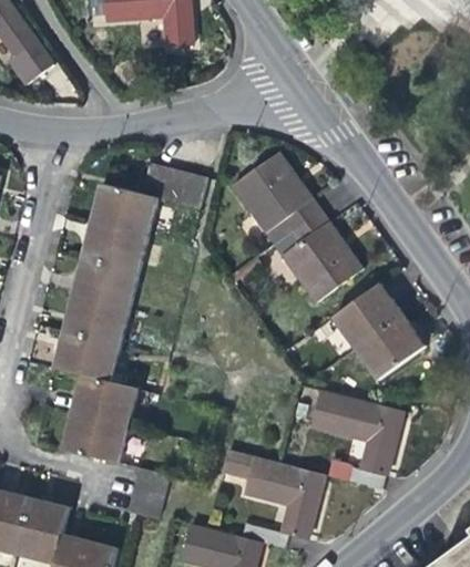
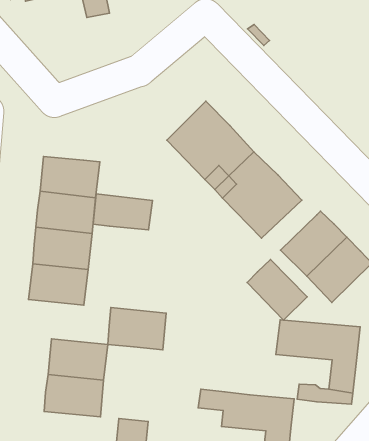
building: [142,163,207,208] -> [93,194,153,230]
building: none -> [247,259,307,320]
building: [54,330,120,382] -> [108,308,166,350]

